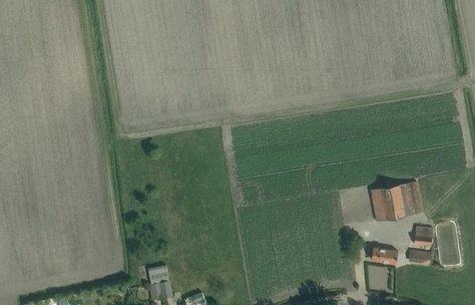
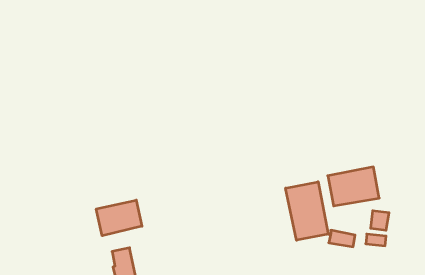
building: none -> [286,182,328,240]
building: none -> [96,200,142,236]

